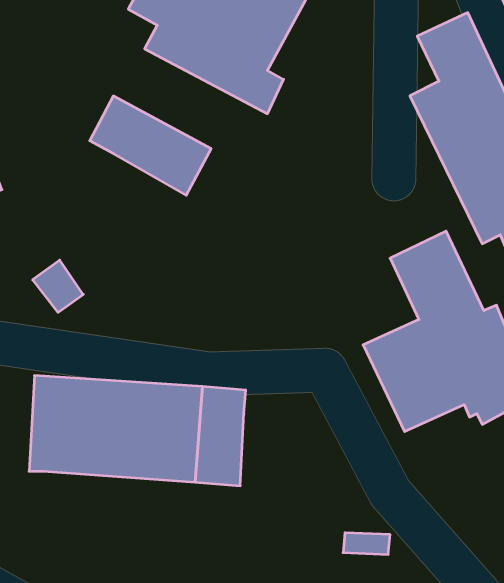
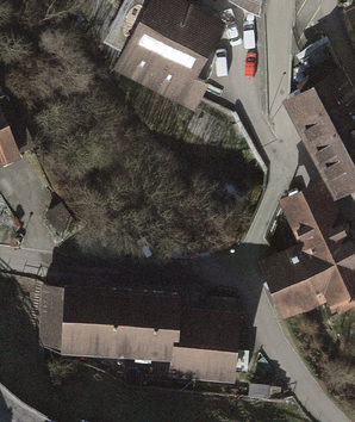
building: [90,96,211,195] -> none
building: none -> [178,309,235,378]

